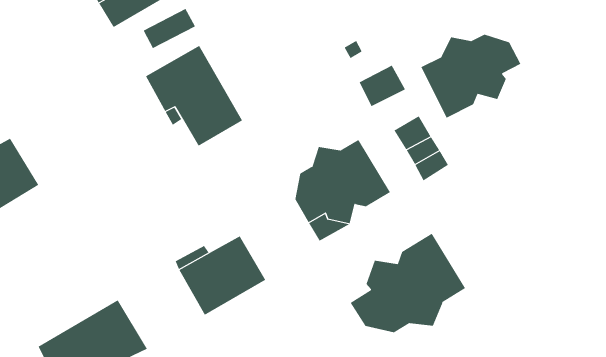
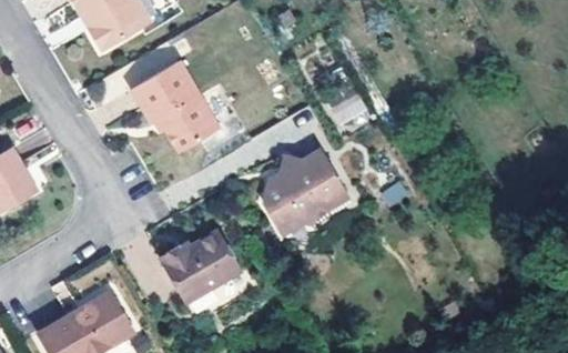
building: [421,34,521,119] -> none
building: [350,233,466,333] -> none

